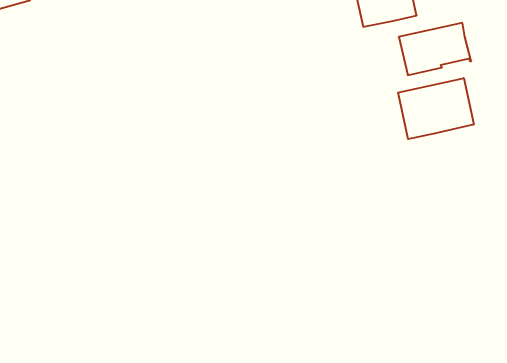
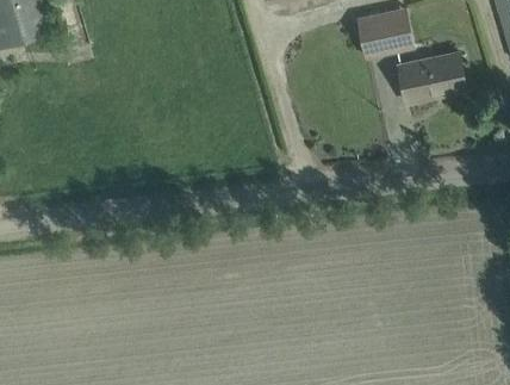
building: [398,78,474,139] -> none

